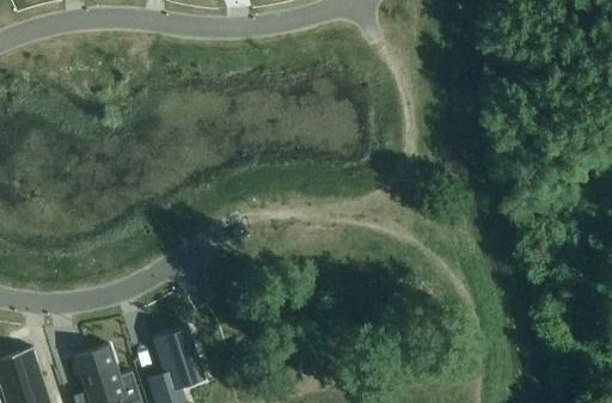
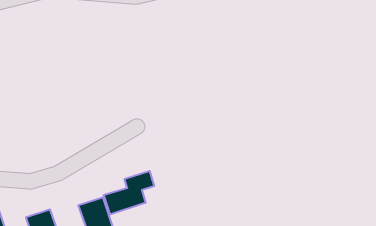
building: none -> [104,171,154,214]

